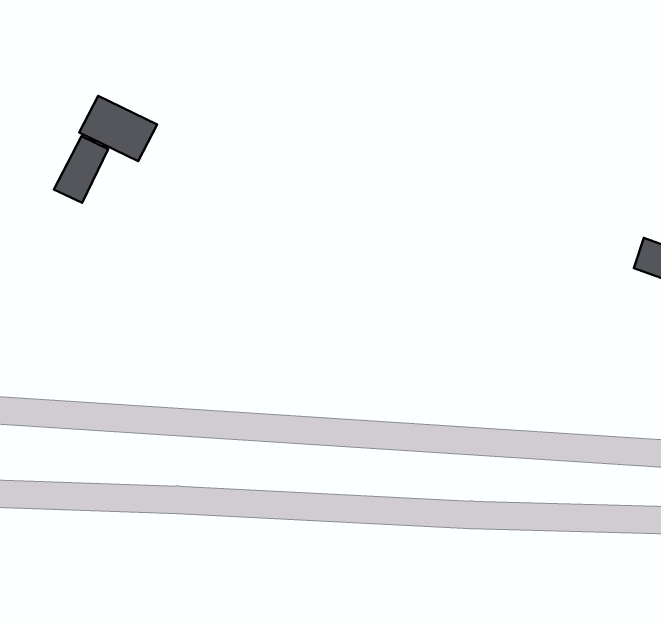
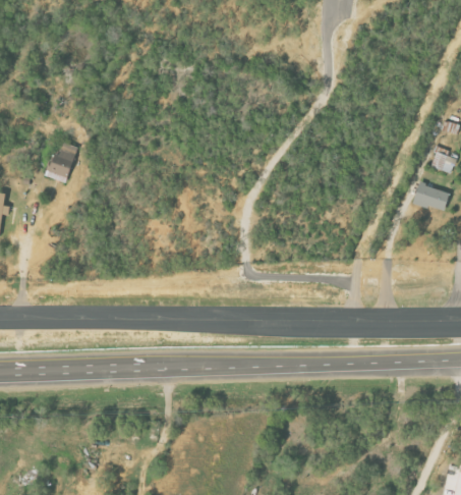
building: [79,96,157,161] -> none

